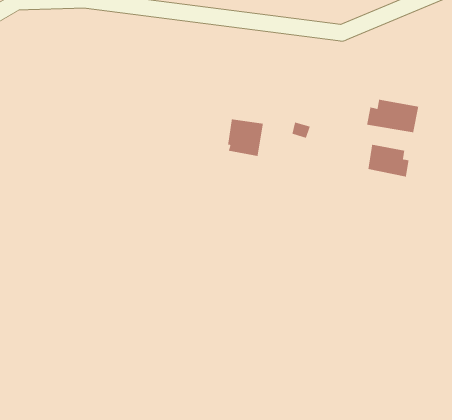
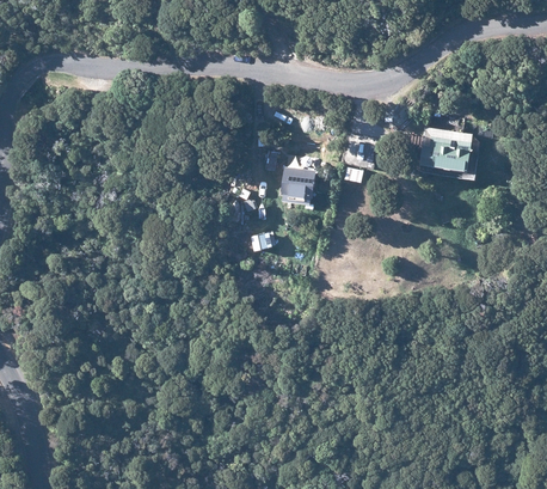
building: [367,144,410,177] -> none

